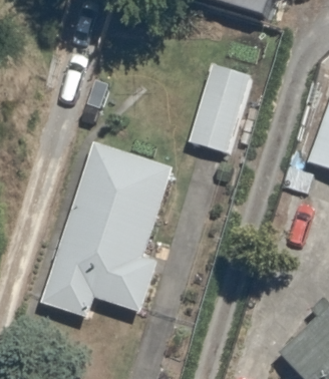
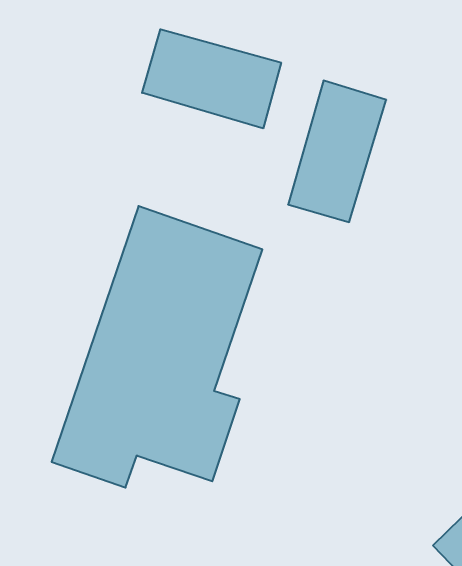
building: none -> [142,29,281,128]

